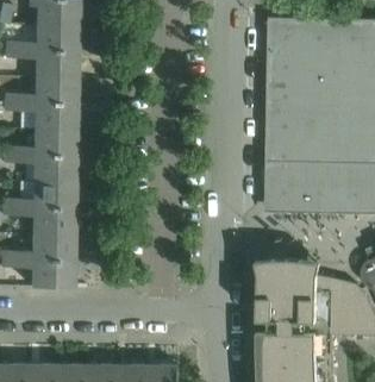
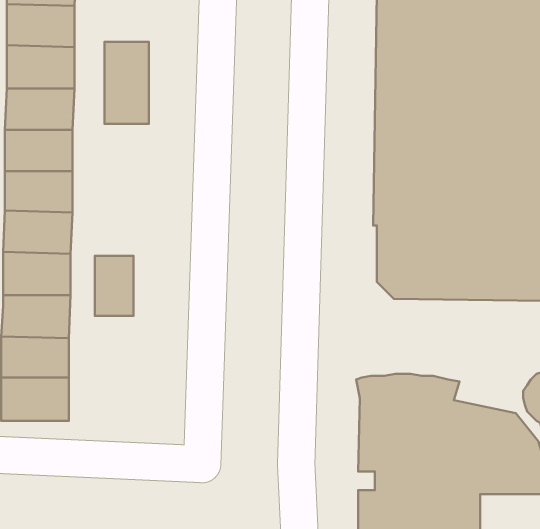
building: none -> [104,42,149,124]
building: none -> [95,256,133,316]

